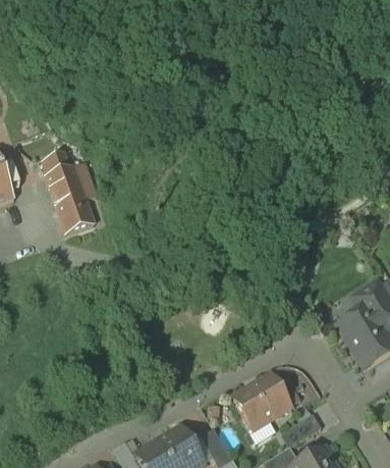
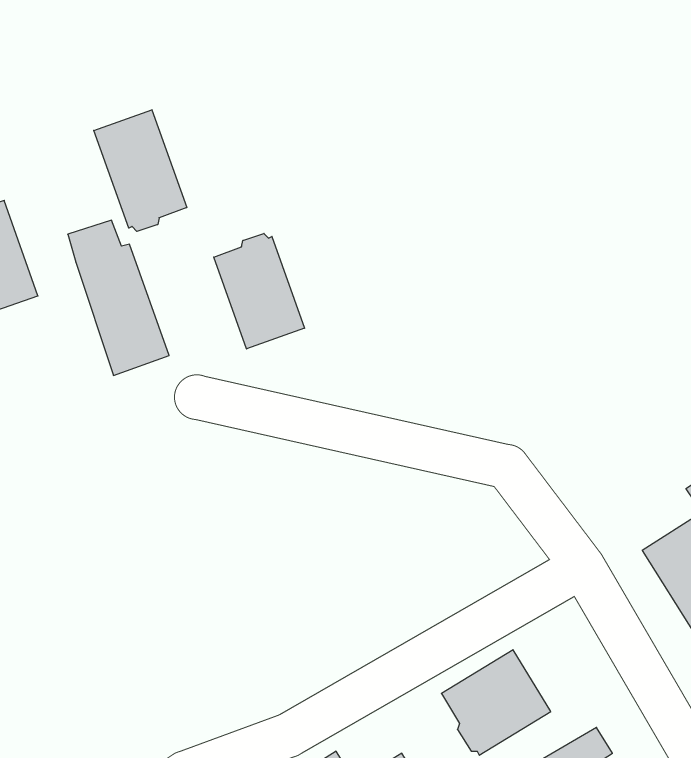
building: none -> [94,110,187,231]
building: none -> [214,233,305,349]

